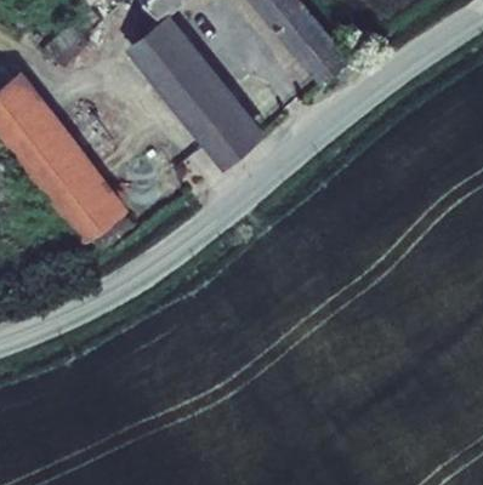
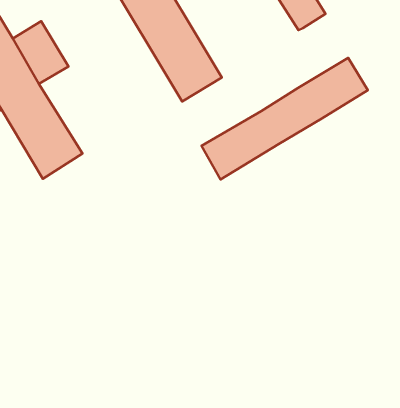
building: none -> [201,58,368,179]

